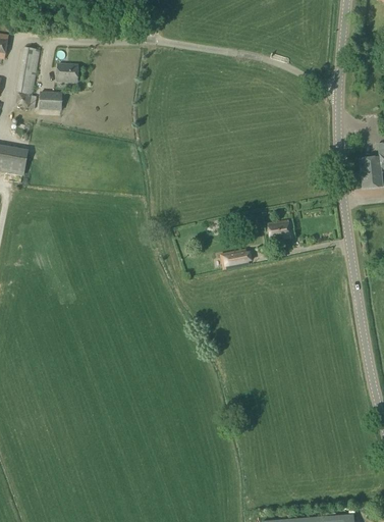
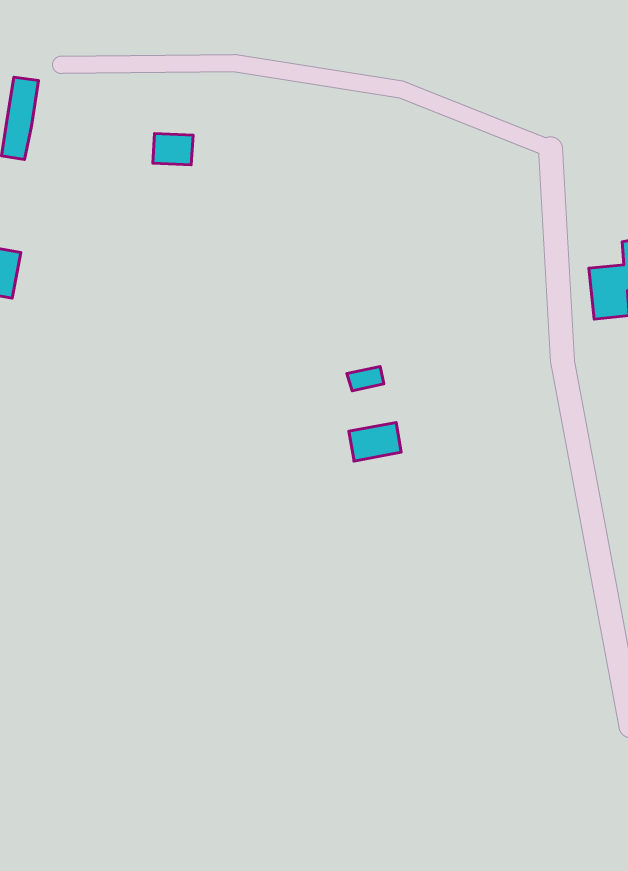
building: [56,63,79,82] -> [153,133,193,165]
building: [39,91,62,110] -> none
building: [267,219,290,241] -> none

